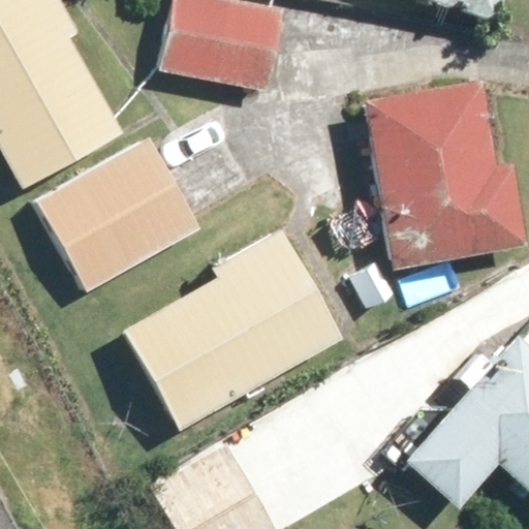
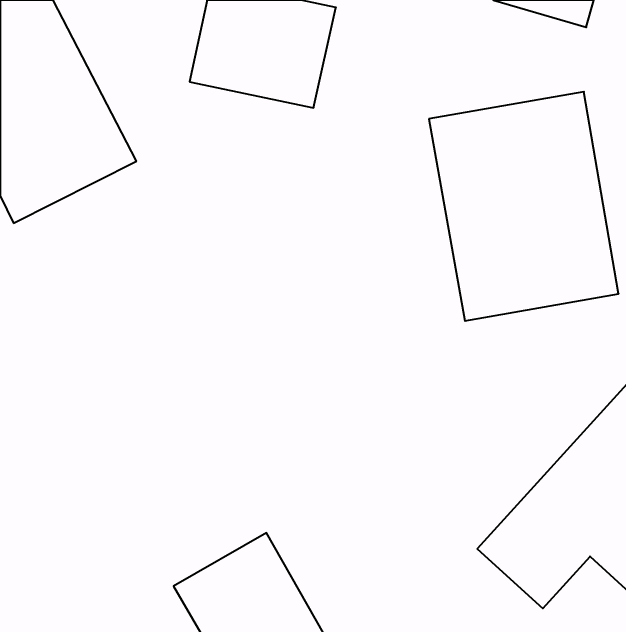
building: [34,141,197,290] -> none
building: [124,240,340,429] -> none

